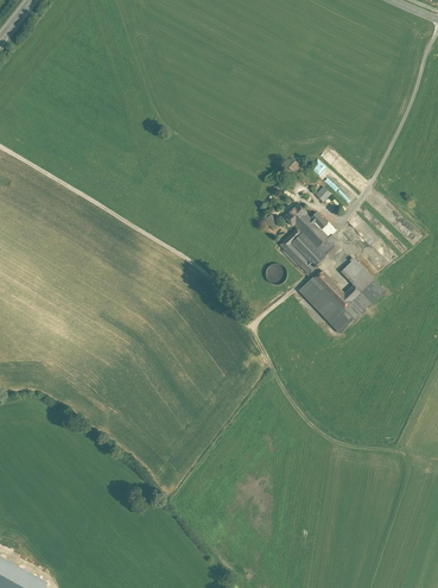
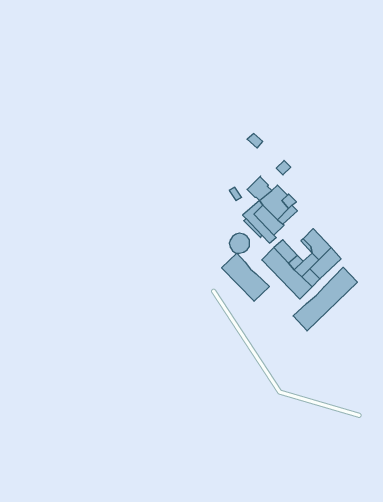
building: none -> [222,253,269,301]
building: none -> [293,267,357,331]

